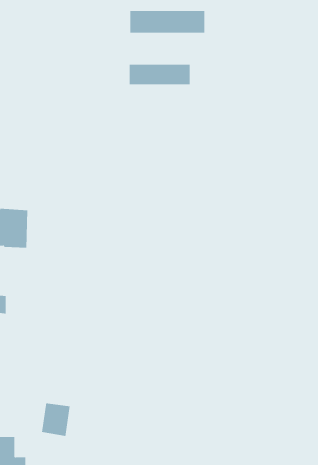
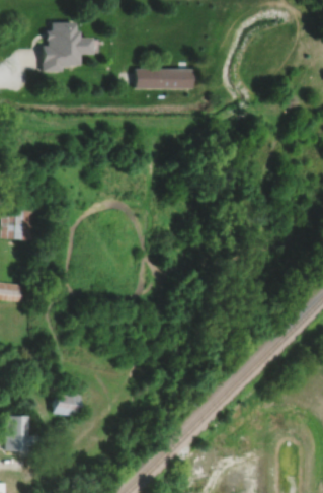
building: [130,10,205,34] -> none
building: none -> [43,22,93,71]

